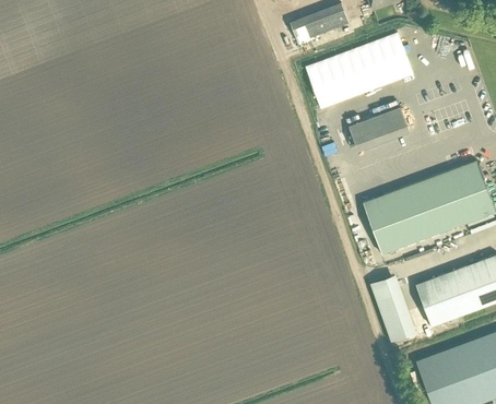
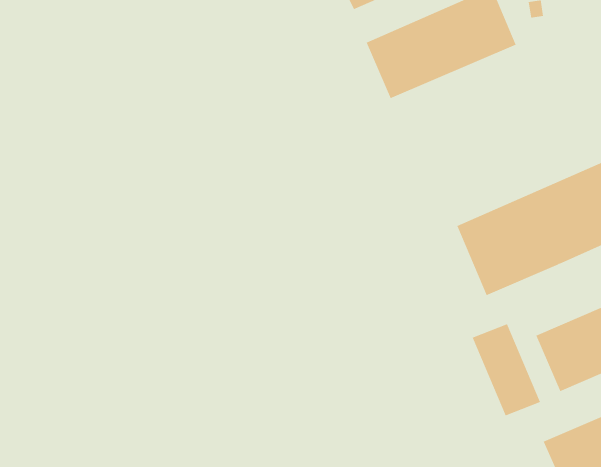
building: [345,105,408,150] -> none

